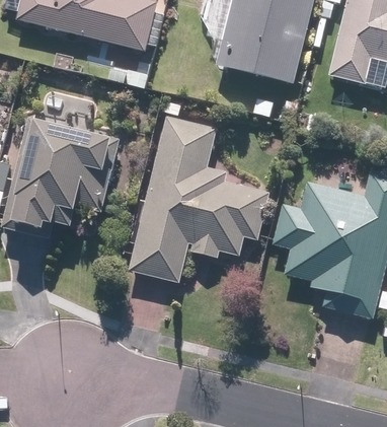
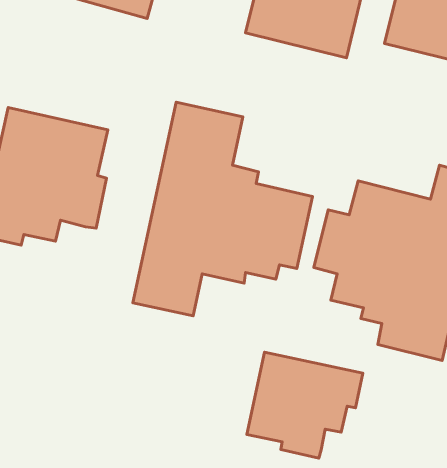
building: none -> [247,352,363,458]

